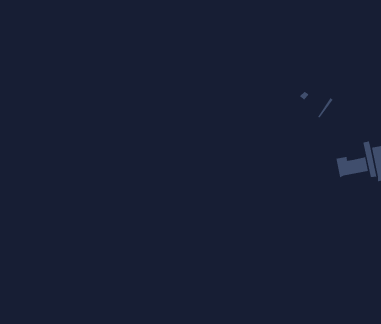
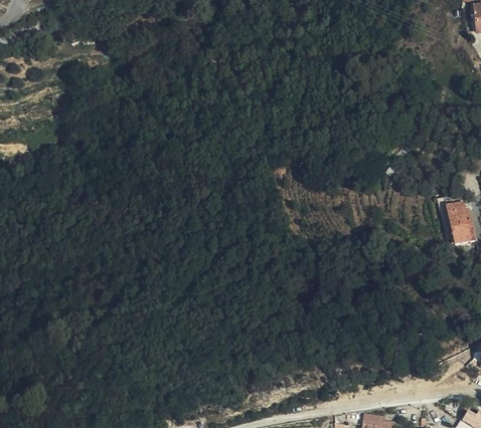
building: [336,156,369,178] -> none

